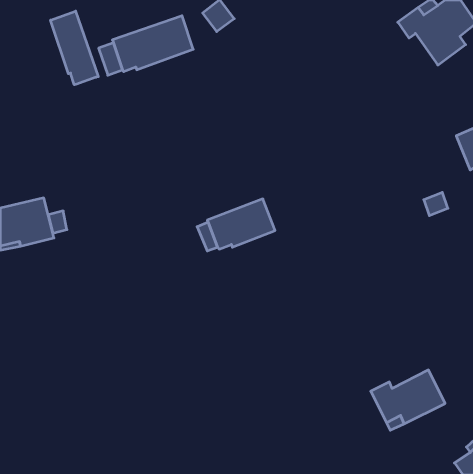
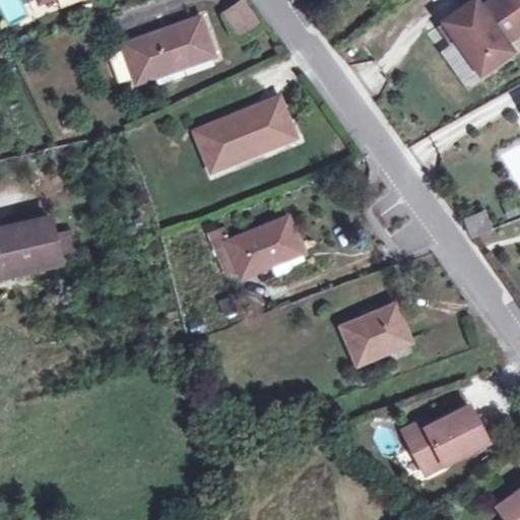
building: [51,11,98,85] -> none
building: none -> [196,99,295,167]
building: none -> [344,306,409,363]

